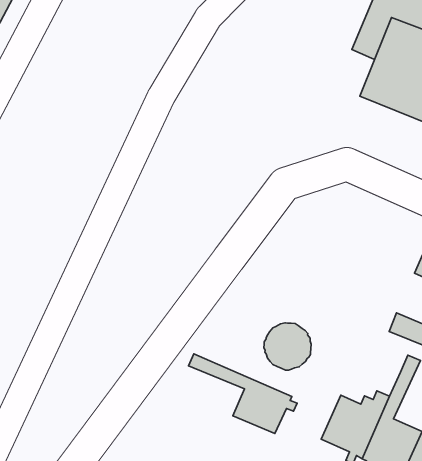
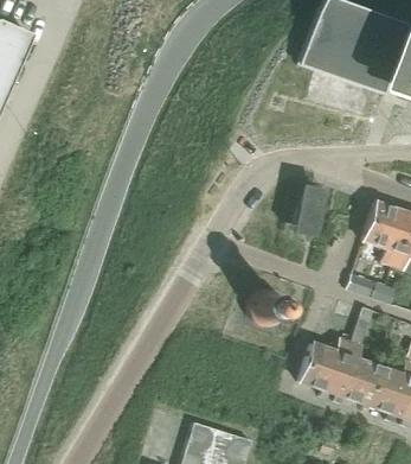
building: none -> [295,186,327,239]
building: [189,354,297,434] -> none

